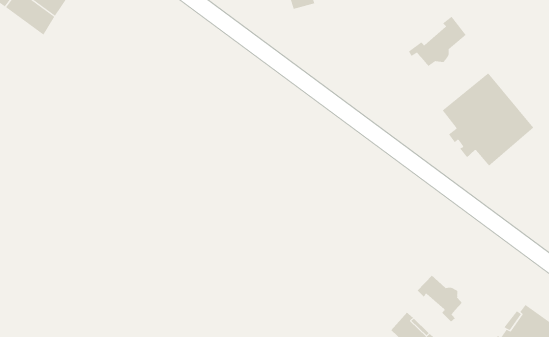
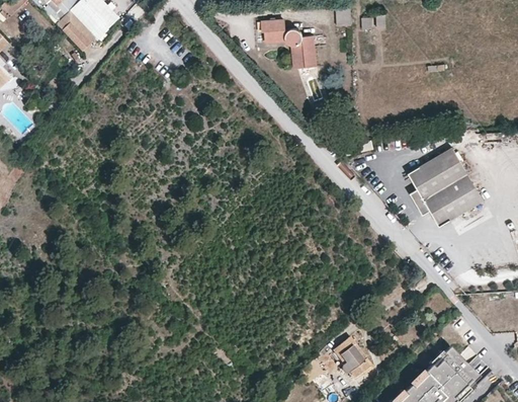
building: [408,16,467,67] -> none
building: [417,275,463,322] -> none

